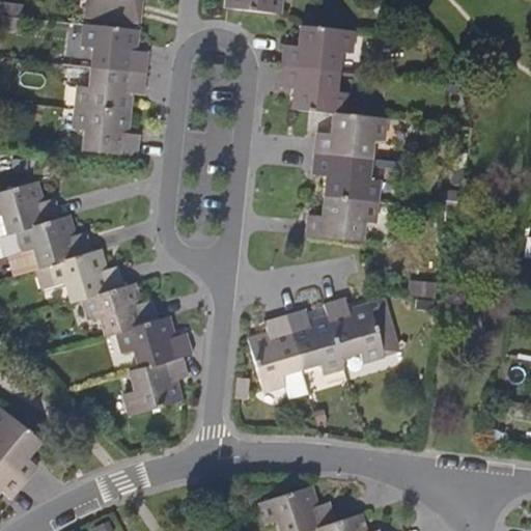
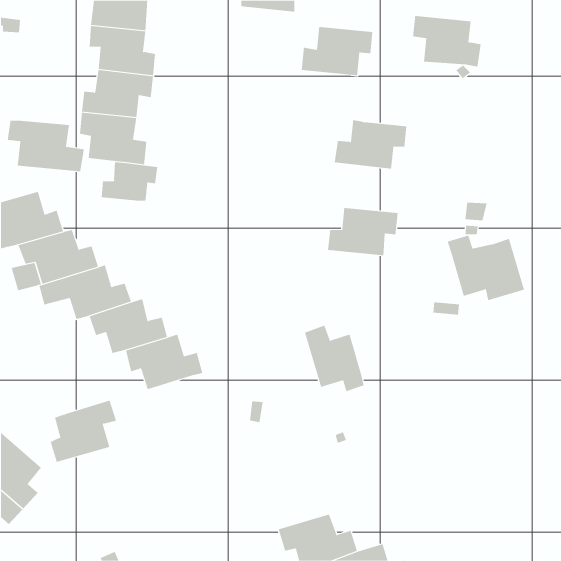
building: [282,66,347,115] -> [412,16,481,67]
building: none -> [7,120,84,172]
building: none -> [101,161,158,202]
building: [313,153,380,201] -> none
building: [327,297,400,359] -> [447,235,525,301]
building: [251,314,310,397] -> none
building: [125,355,189,414] -> [50,400,117,463]

